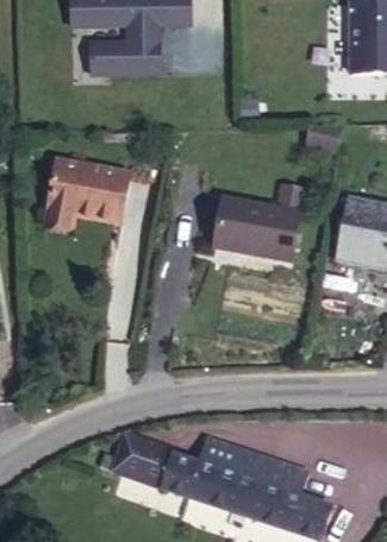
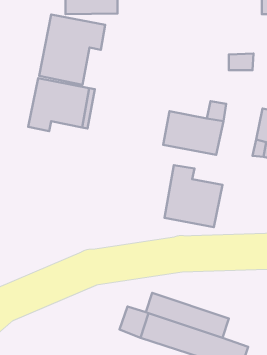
building: none -> [39,15,105,85]
building: none -> [165,165,222,227]
building: [113,434,173,485] -> none

